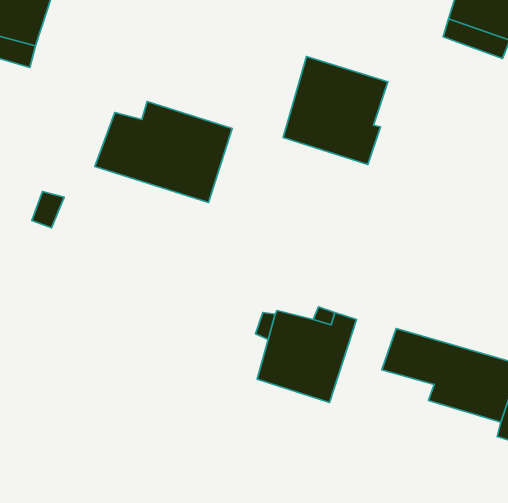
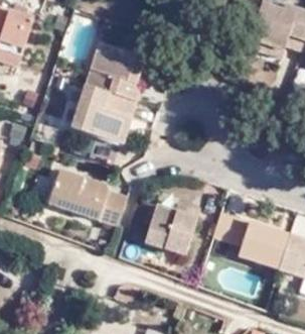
building: [283,57,388,165] -> [84,38,142,99]
building: none -> [47,164,127,224]

